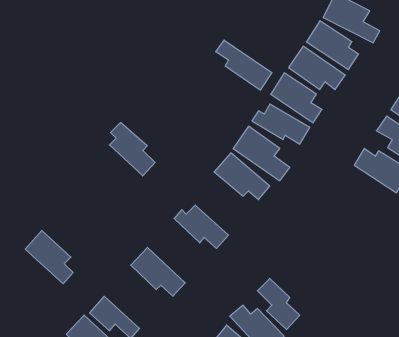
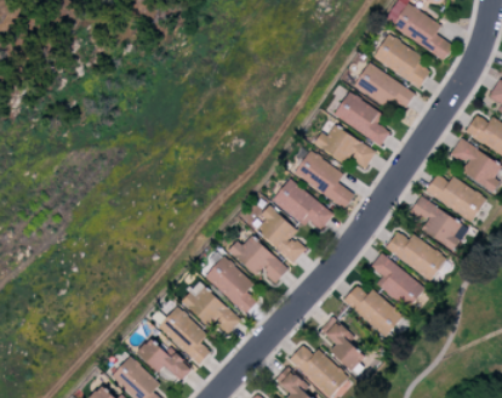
building: [216,40,272,90] -> none
building: [109,123,155,176] -> [256,205,306,263]
building: none -> [409,195,461,251]
building: none -> [384,231,446,282]
building: none -> [370,252,424,309]
building: none -> [204,255,257,314]
building: [25,230,73,284] -> [158,306,210,364]
building: none -> [343,285,403,337]

